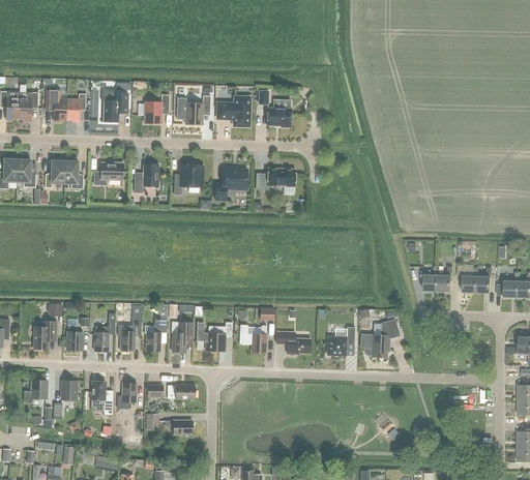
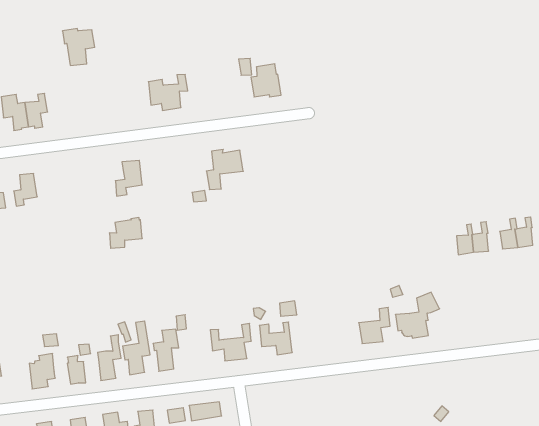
building: [101,90,127,122] -> [62,29,95,65]
building: [144,94,169,123] -> none
building: [217,96,249,126] -> none
building: [64,161,83,188] -> none
building: [93,161,123,185] -> [109,218,142,248]
building: [174,162,202,194] -> none
building: [256,168,295,190] -> none
building: [172,322,193,352] -> none
building: [276,331,310,354] -> none

